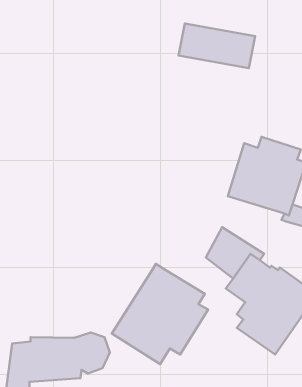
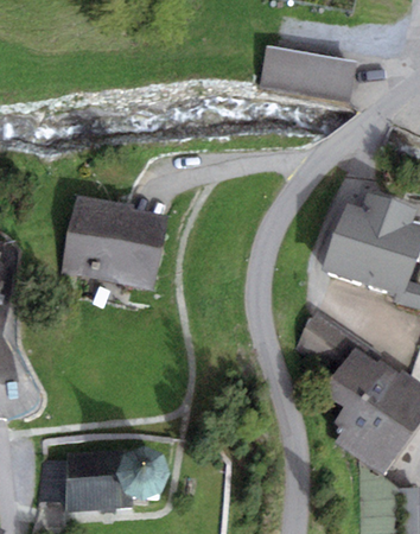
building: none -> [59,193,170,292]
building: [112,264,208,364] -> none

